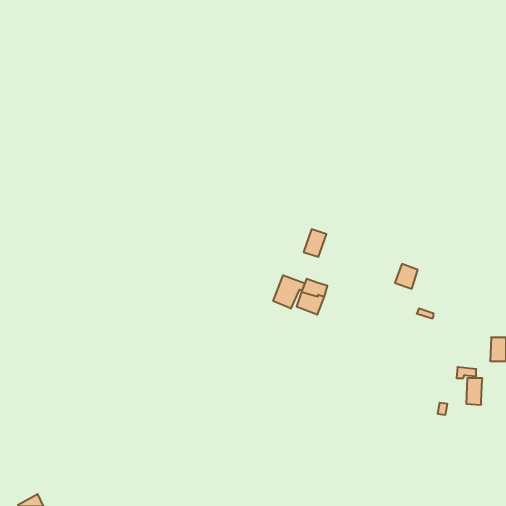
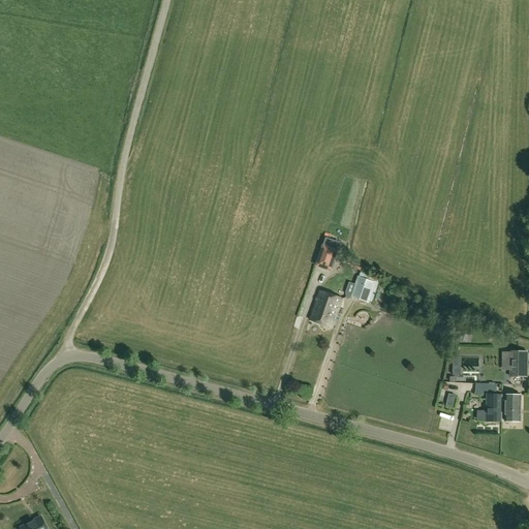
building: [395,264,418,289] -> [350,276,374,302]
building: [273,275,305,309] -> none
building: none -> [501,395,521,422]

